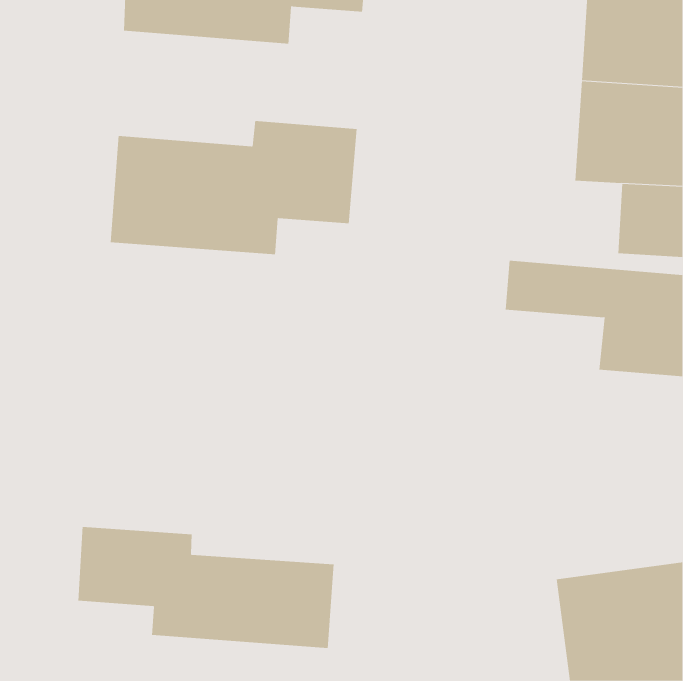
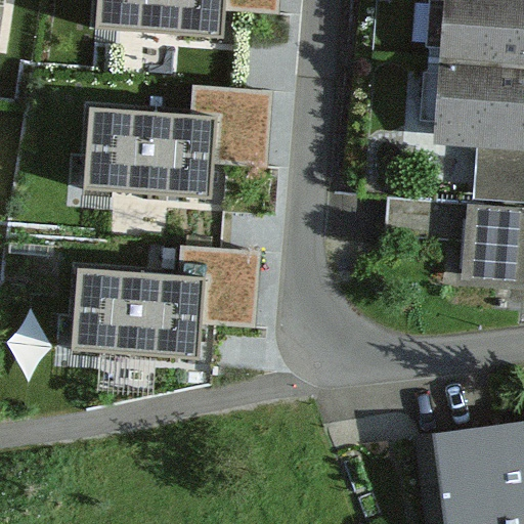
building: none -> [72,253,261,355]
building: [78,526,334,649] -> none

